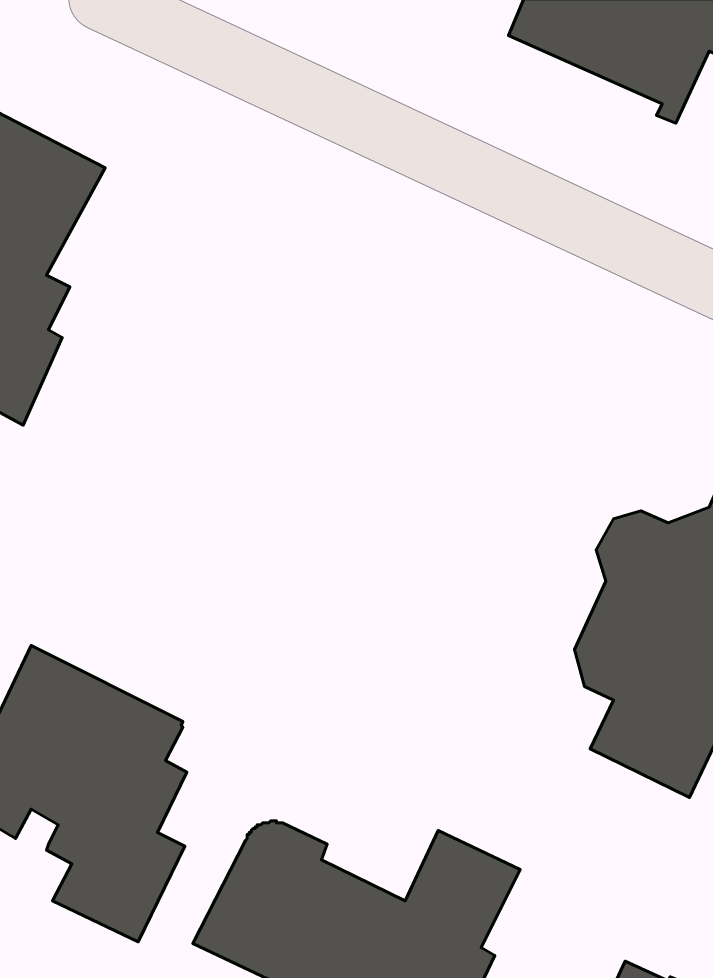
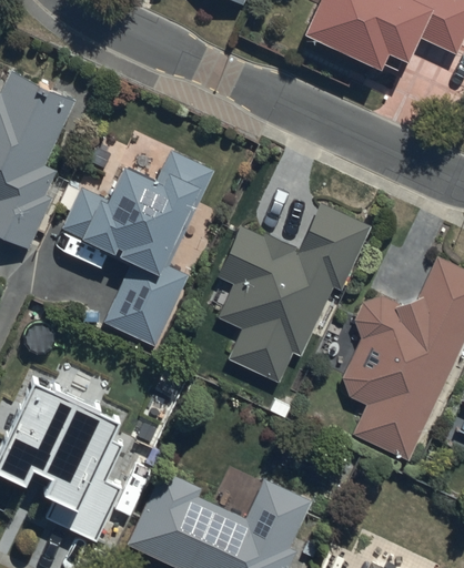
building: none -> [53,151,213,346]
building: none -> [218,203,372,382]

